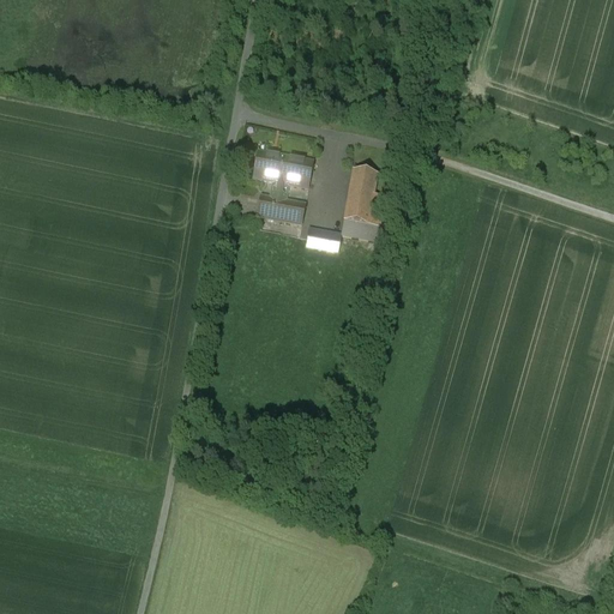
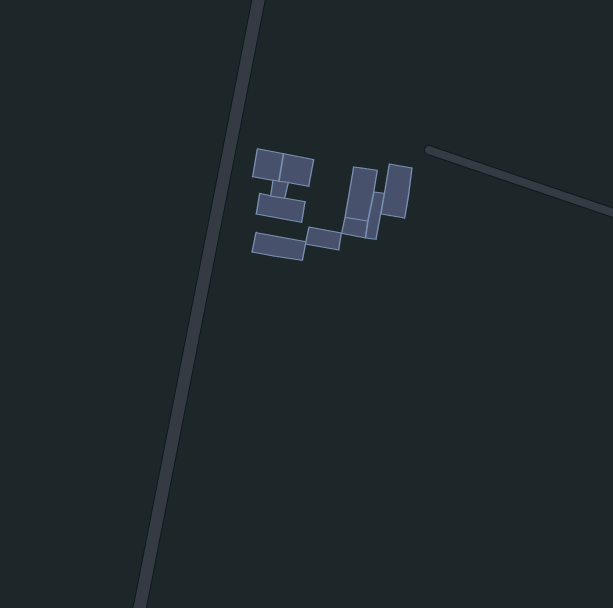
building: none -> [381,164,412,218]
building: none -> [252,232,306,260]

